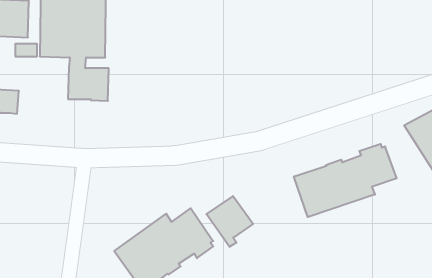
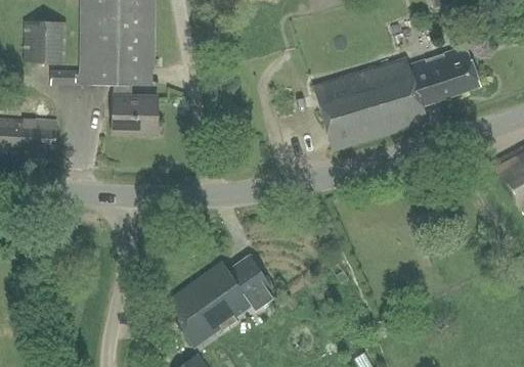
building: none -> [313,44,480,148]
building: [294,144,397,217] -> none
building: [206,196,253,247] -> none

